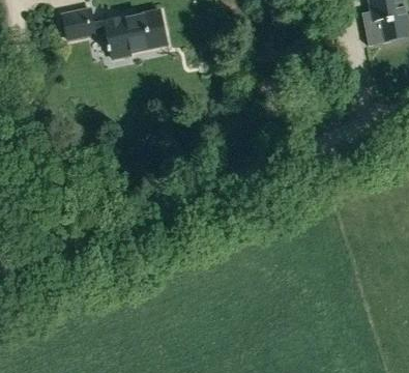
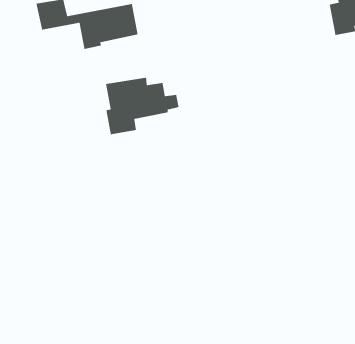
building: none -> [105,77,179,135]

